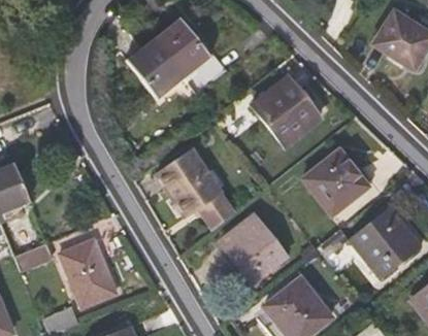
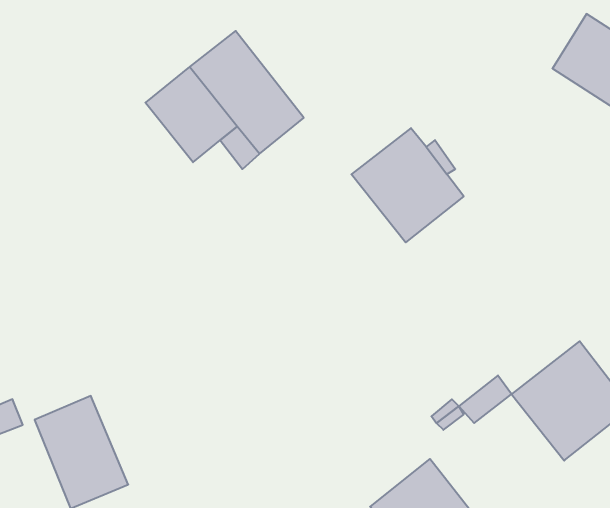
building: [156,148,237,228] -> none
building: [304,152,368,215] -> none
building: [220,217,283,282] -> none

